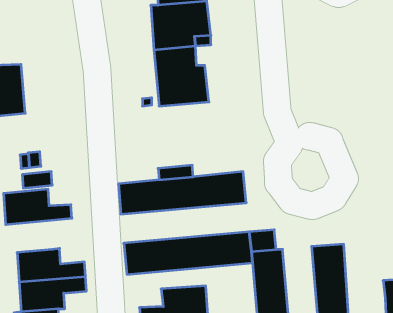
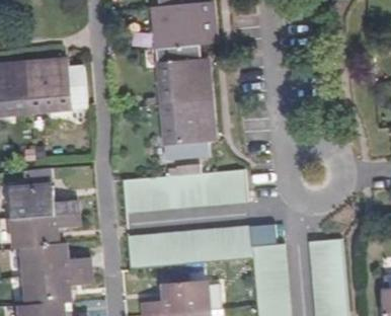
building: none -> [26,61,86,111]
building: none -> [161,100,213,160]
building: none -> [11,214,77,247]

